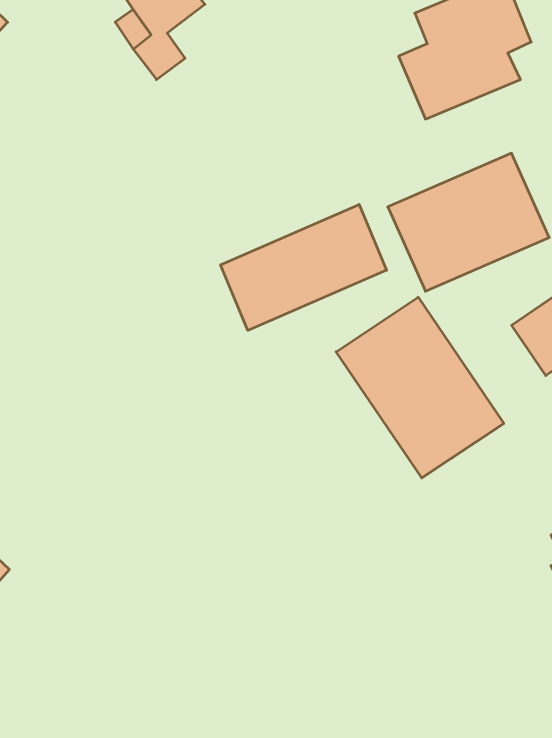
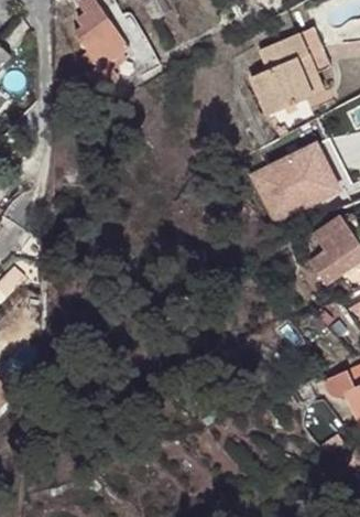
building: [221,204,387,330] -> none
building: [336,297,504,478] -> none

